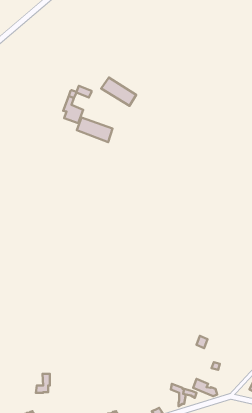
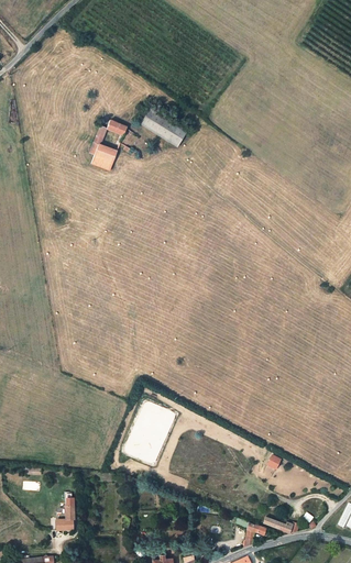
building: [77,118,112,142] -> none

